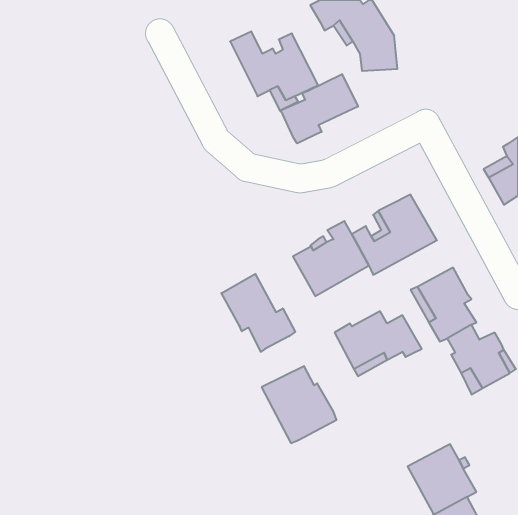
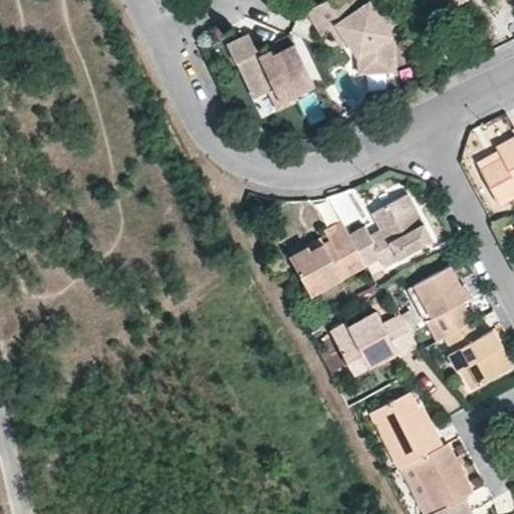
building: [280,74,358,143] -> none
building: [221,274,295,352] -> none
building: [262,366,337,443] -> [367,392,442,468]

